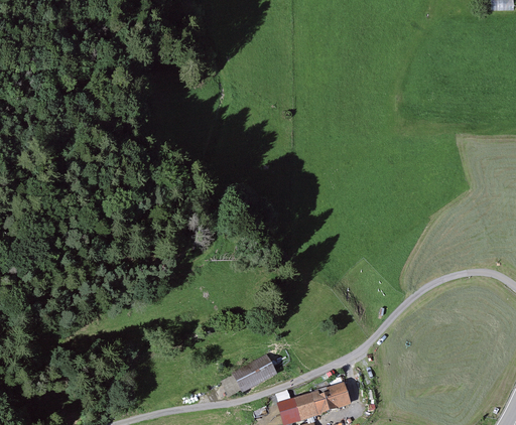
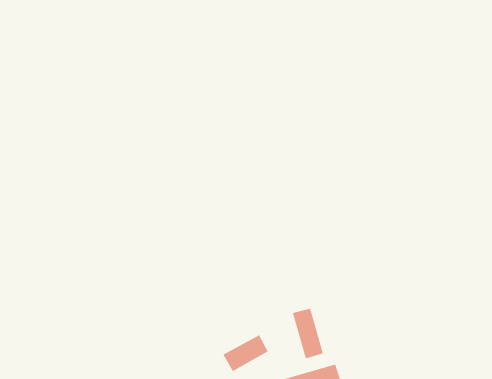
building: none -> [292,308,323,359]

